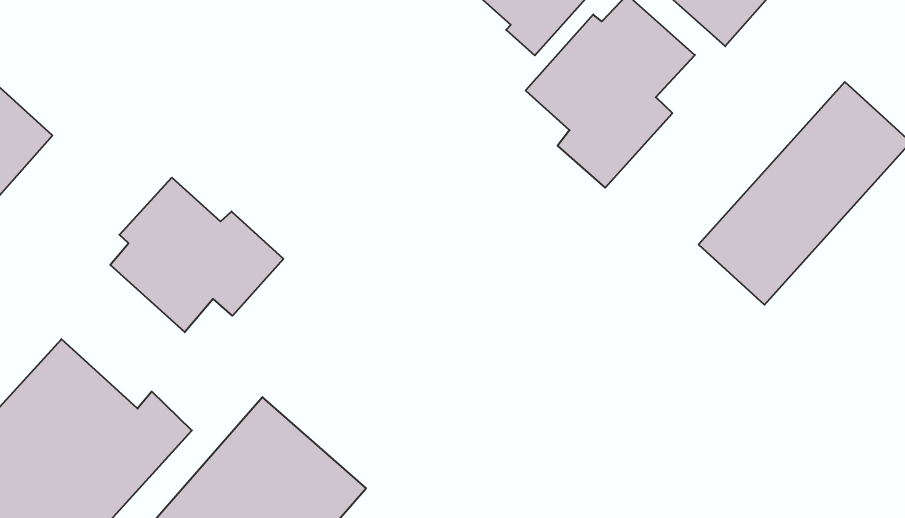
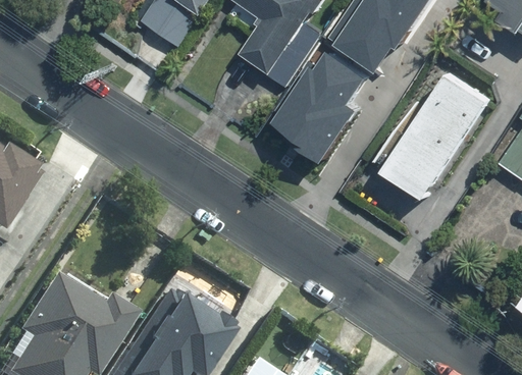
building: [110,178,283,332] -> none

